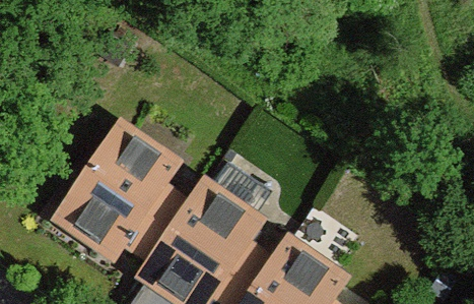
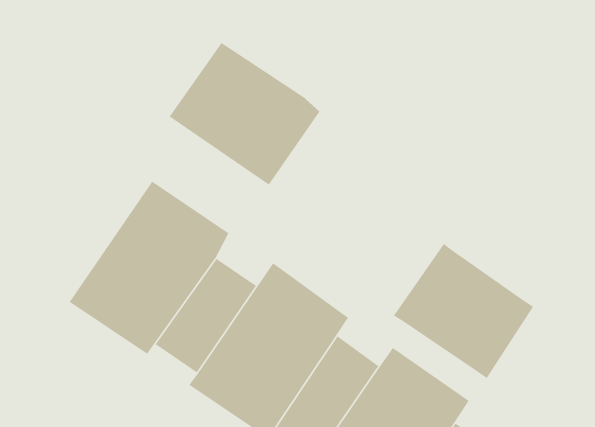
building: none -> [169,42,320,186]
building: none -> [393,243,534,379]

